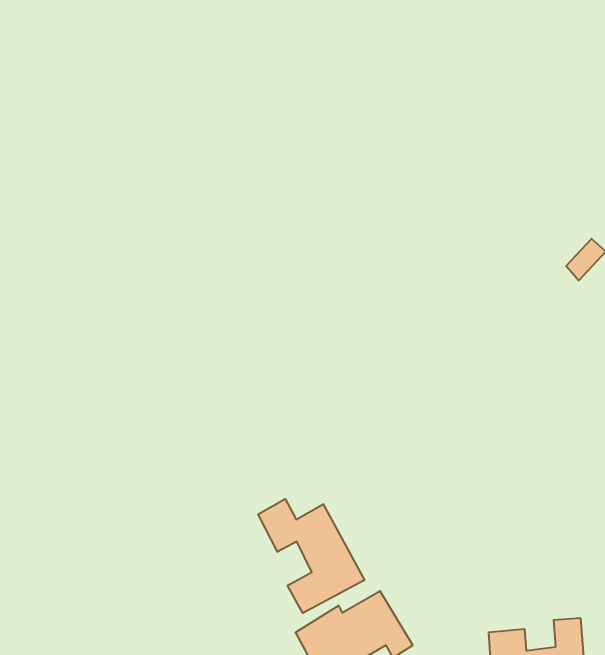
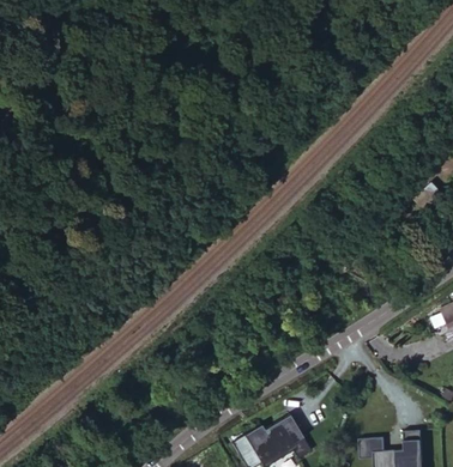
building: [258,499,364,613] -> none

